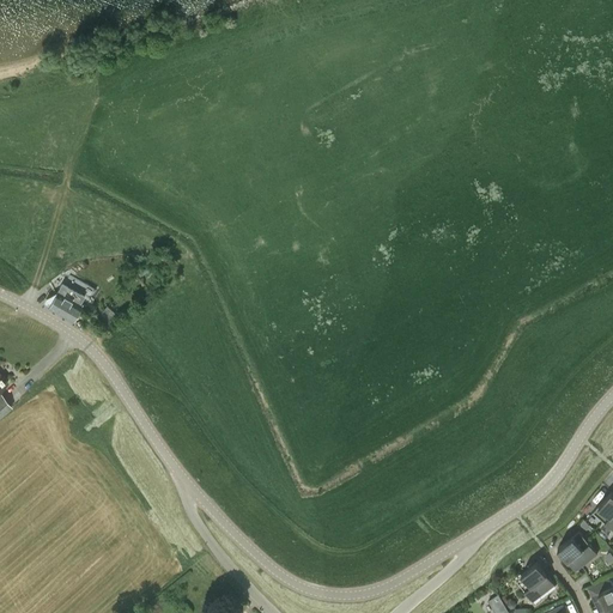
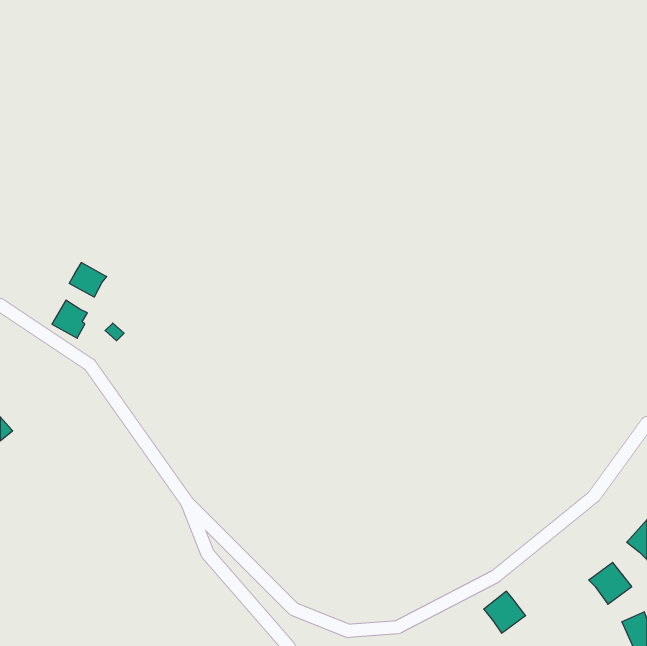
building: none -> [69,263,107,297]
building: [515,563,554,602] -> [484,591,526,633]

